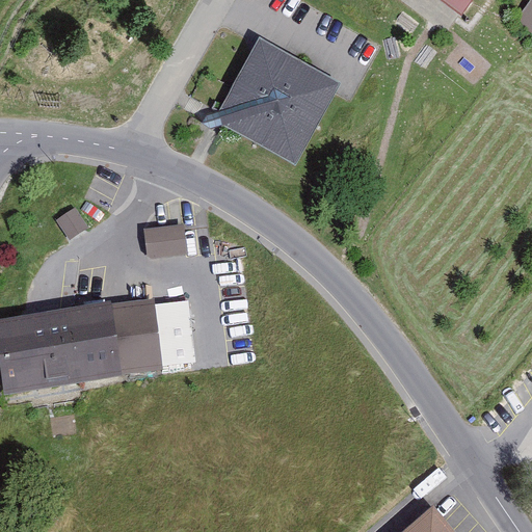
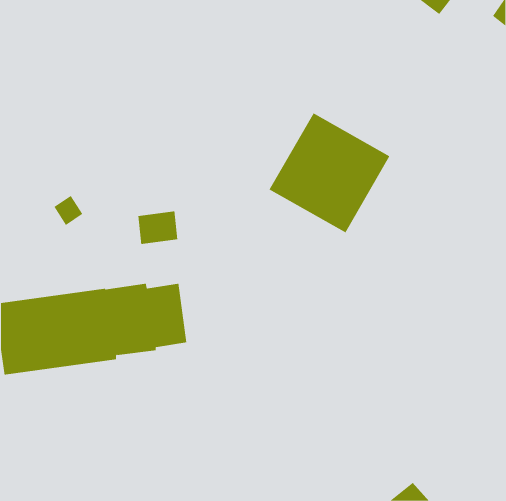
building: [212,37,340,164] -> [268,112,390,233]

